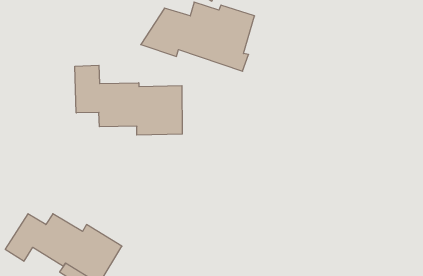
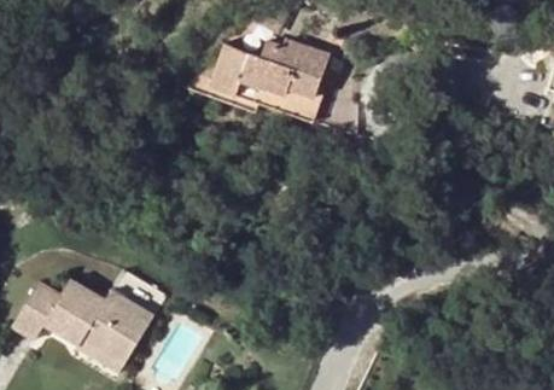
building: [75,65,182,135] -> none

